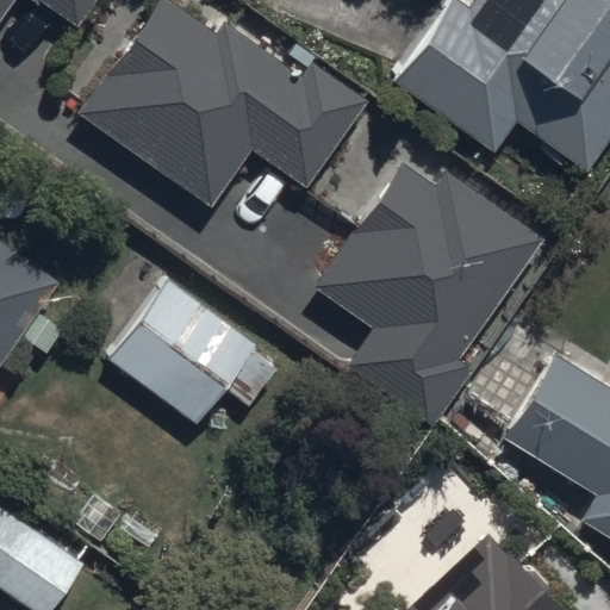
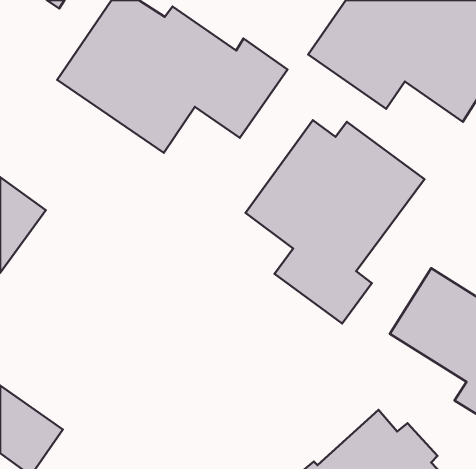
building: [108,281,276,444] -> none

